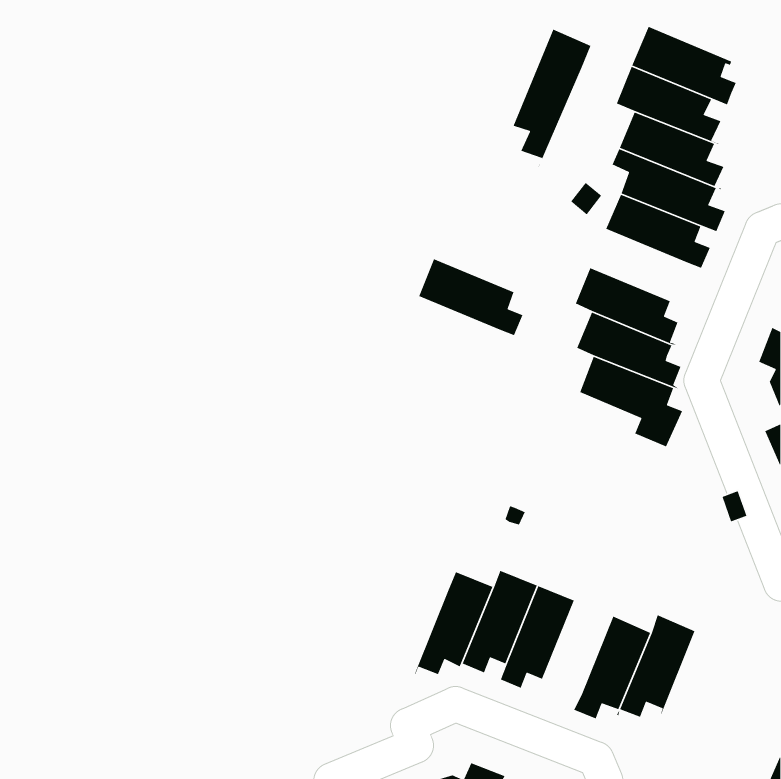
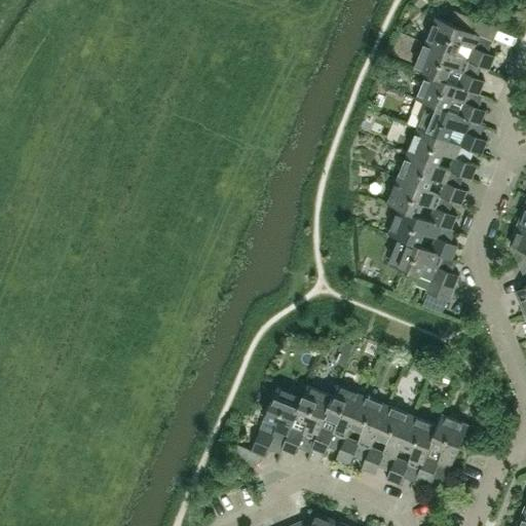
building: [512,29,592,168] -> none
building: [418,258,524,336] -> [397,155,467,208]
building: none -> [252,387,301,456]
building: none -> [361,405,412,475]

